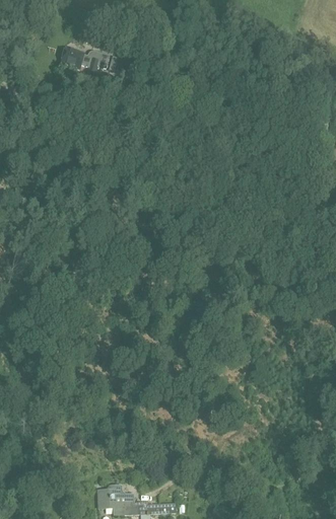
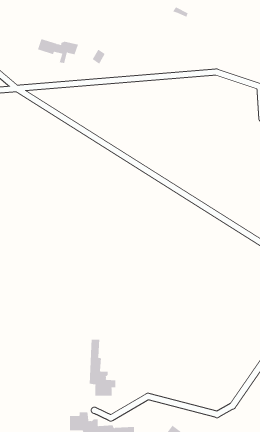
building: none -> [89,339,116,396]

